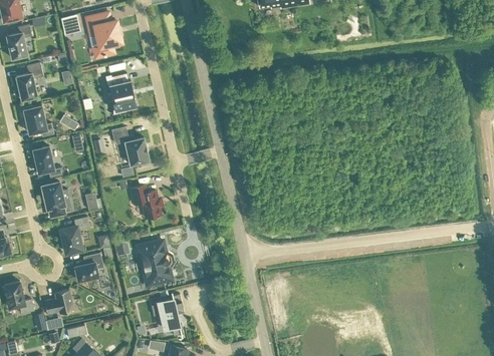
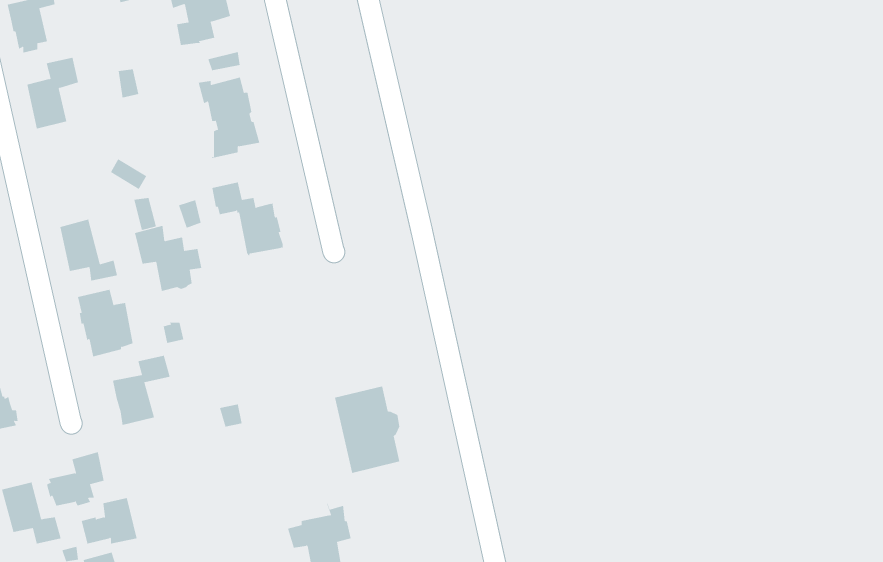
building: [24,105,53,136] -> none
building: [131,184,166,218] -> [134,225,202,291]
building: [138,240,172,285] -> [334,386,400,473]
building: [73,252,103,280] -> [46,451,104,506]

